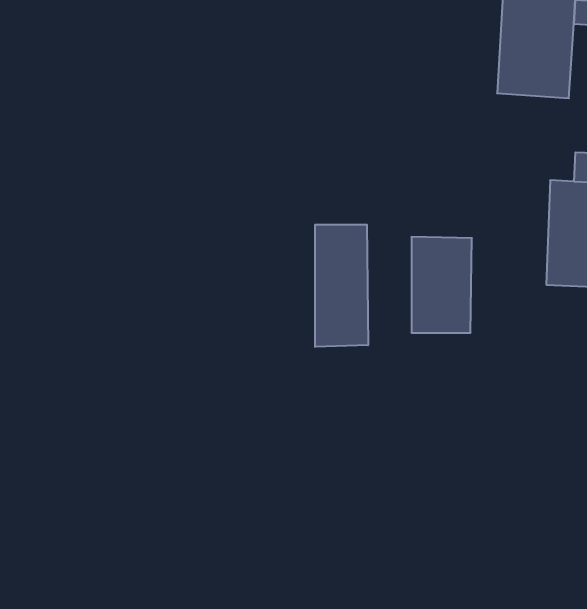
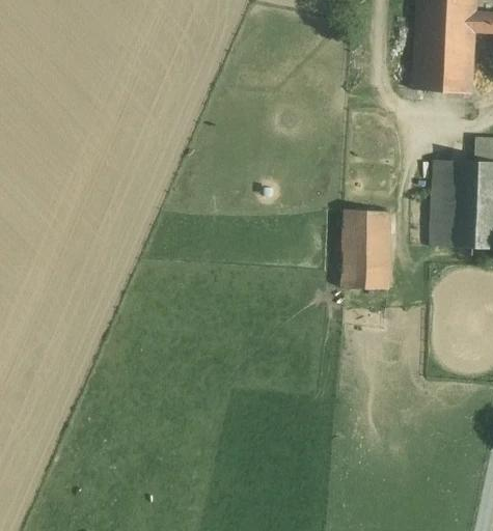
building: none -> [432,159,456,246]
building: [315,225,368,347] -> none

